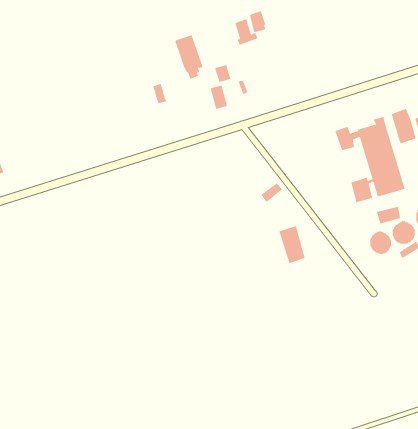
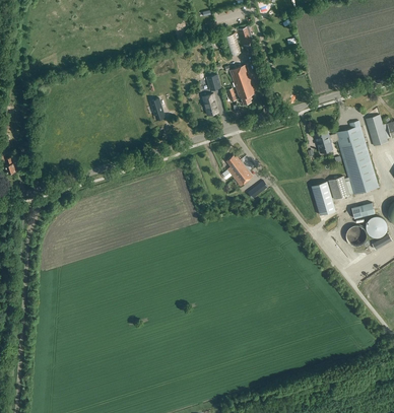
building: [174,35,203,80] -> [229,65,256,106]
building: none -> [226,156,253,187]
building: [279,225,306,264] -> [312,182,336,216]

